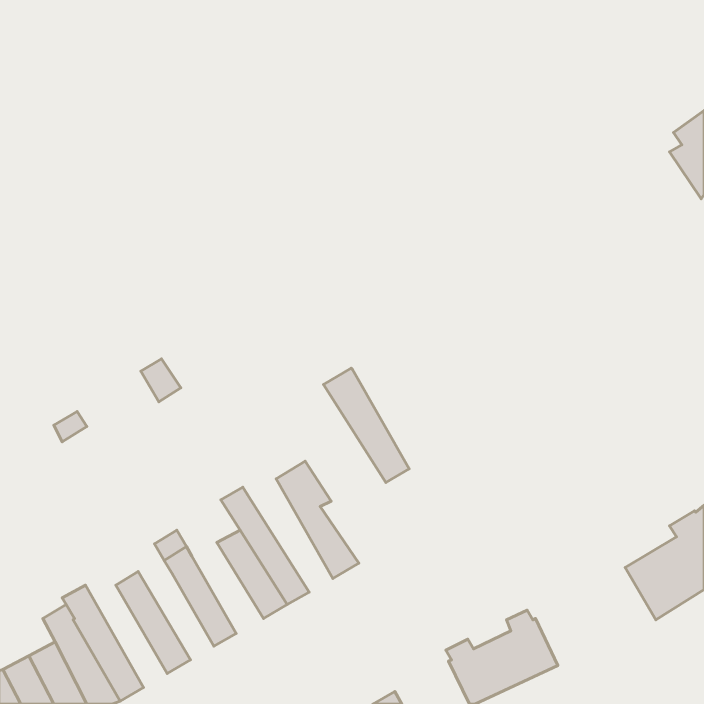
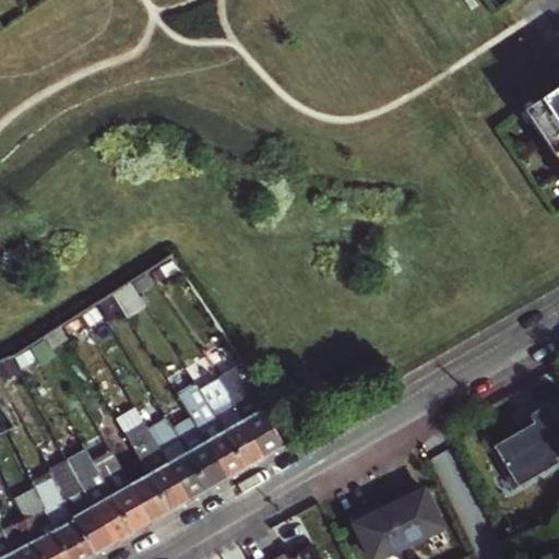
building: [324,368,409,483] -> [195,378,263,468]
building: none -> [152,429,209,501]
building: none -> [64,448,132,544]
building: none -> [109,449,169,522]

